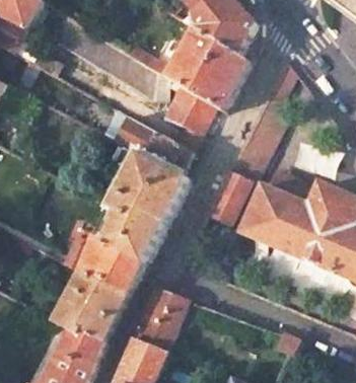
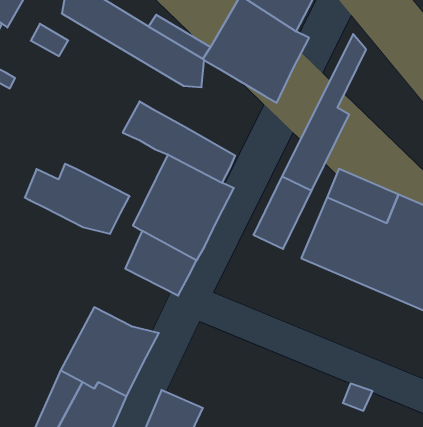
building: [161,84,213,138] -> none
building: [63,236,145,291] -> [25,164,130,234]
building: [132,286,186,350] -> none

